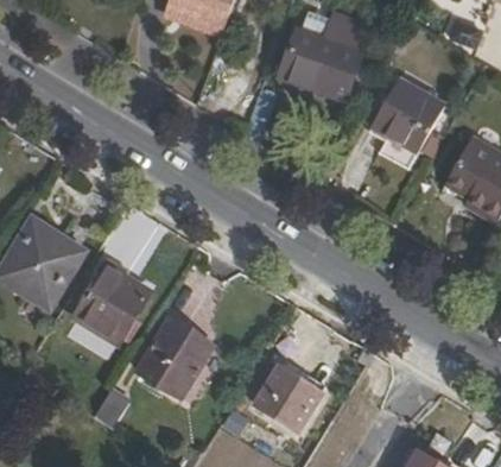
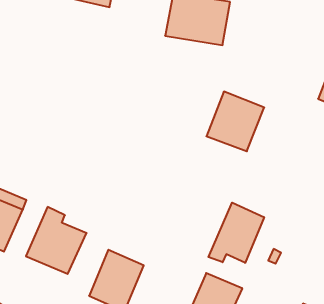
building: [369,78,443,153] -> [206,92,264,151]
building: none -> [208,203,264,263]

